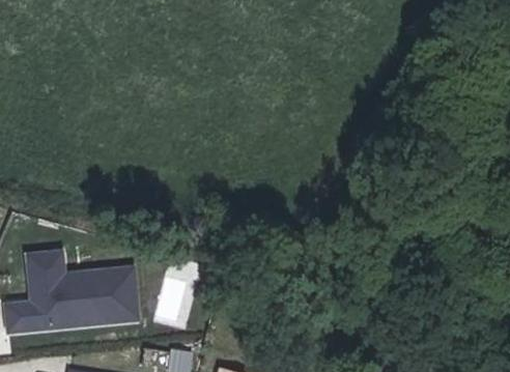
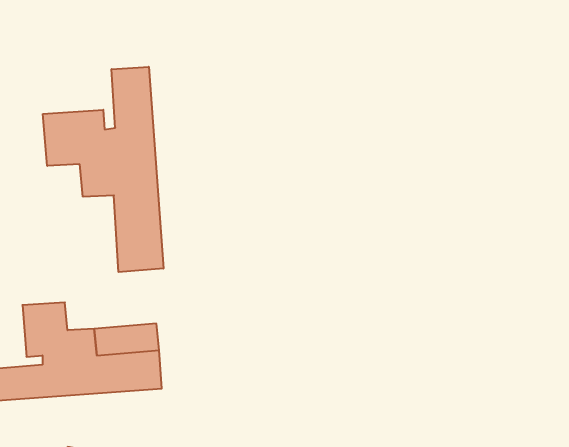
building: none -> [43,67,163,272]

